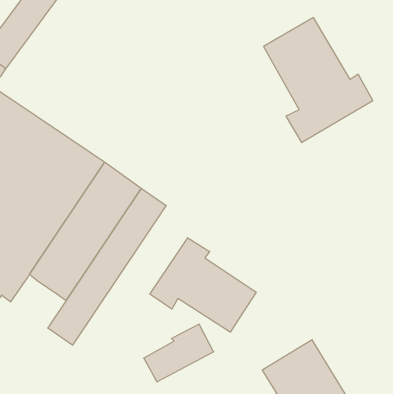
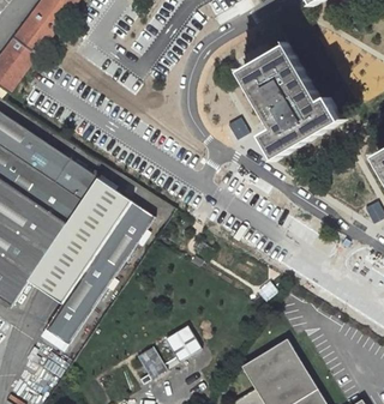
building: [150,238,256,332] -> none

